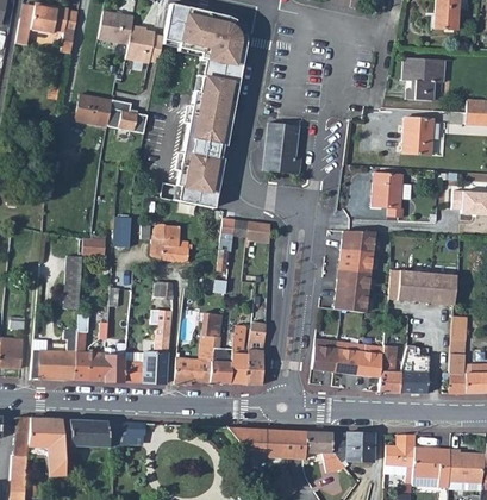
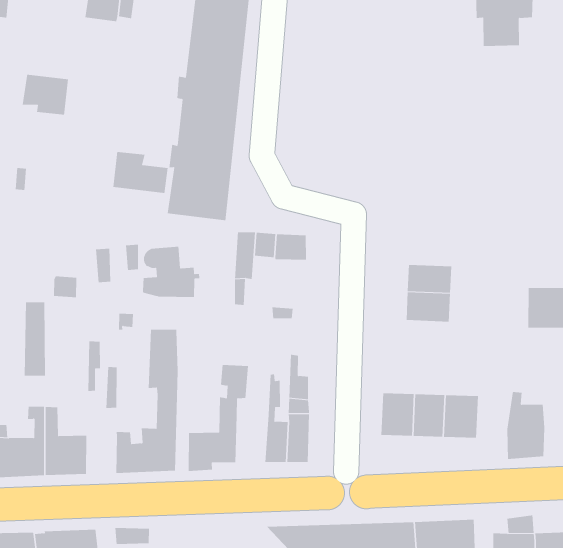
building: [106,101,146,133] -> [112,152,168,193]
building: [401,118,432,156] -> none
building: [263,123,300,175] -> none
building: [372,171,411,218] -> none
building: [341,231,374,254] -> none
building: [388,270,424,301] -> none
building: [333,289,367,312] -> none
building: [102,338,125,382] -> none
building: [379,345,401,393] -> none
building: [208,348,233,382] -> none

